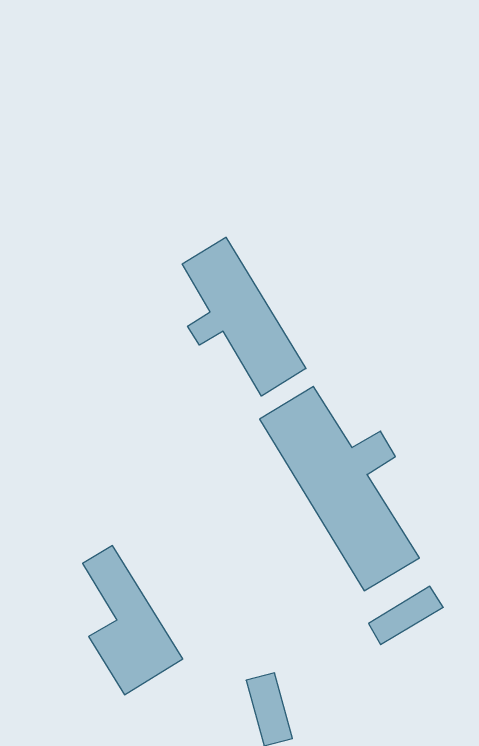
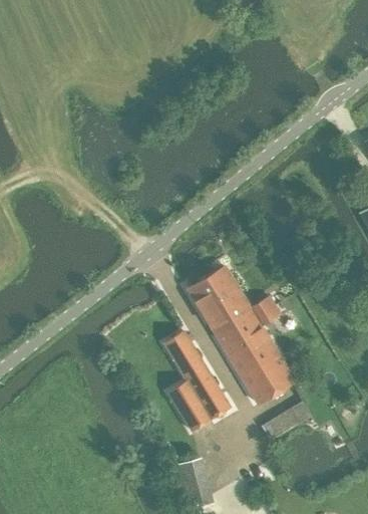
building: [182,237,306,396] -> none
building: [83,546,183,695] -> [163,330,231,431]

